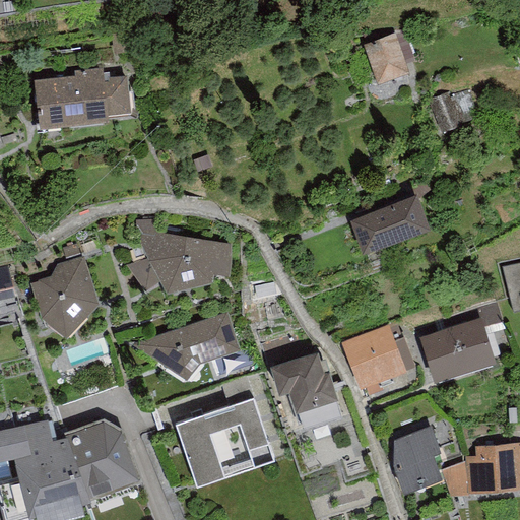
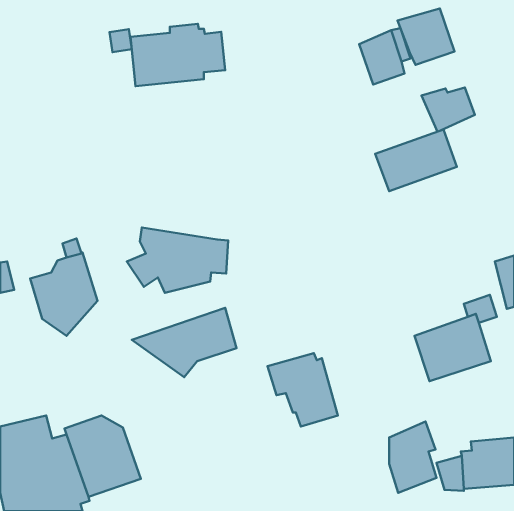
building: none -> [397,9,455,65]
building: [34,67,129,130] -> [131,24,225,86]
building: [348,195,431,257] -> [375,130,457,191]
building: [340,324,407,391] -> none
building: [175,399,274,490] -> none

